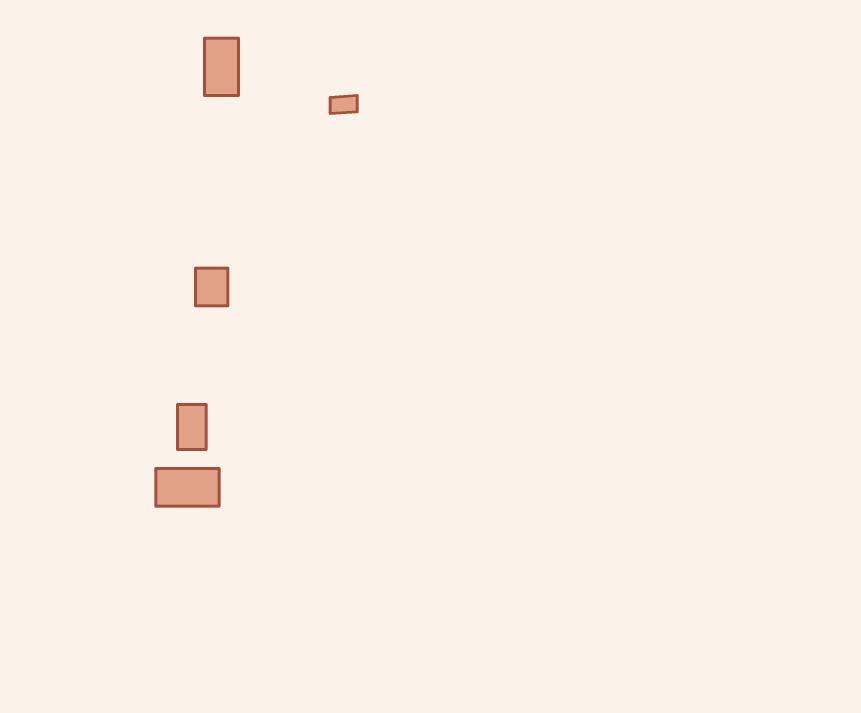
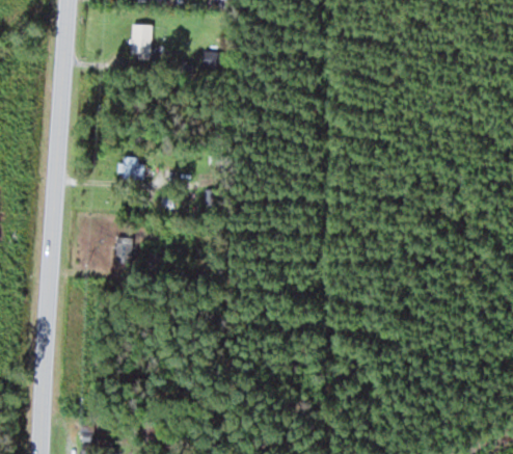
building: [156,469,219,506] -> none

